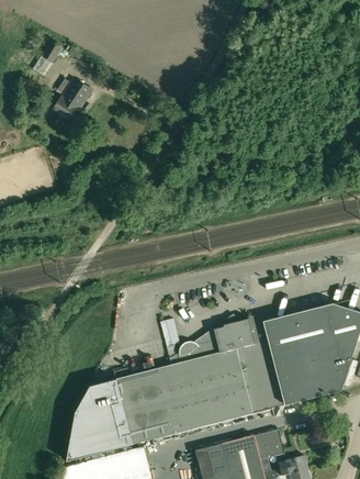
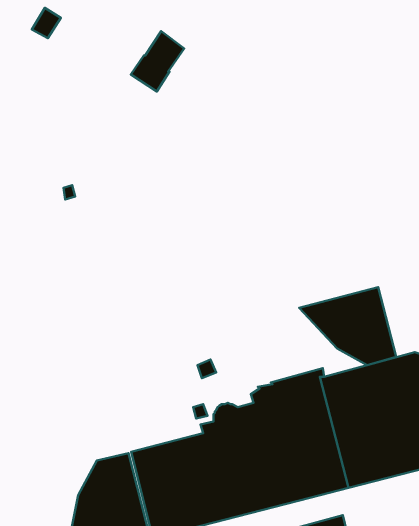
building: [52,78,92,124] -> [131,31,184,92]
building: none -> [299,287,396,365]

